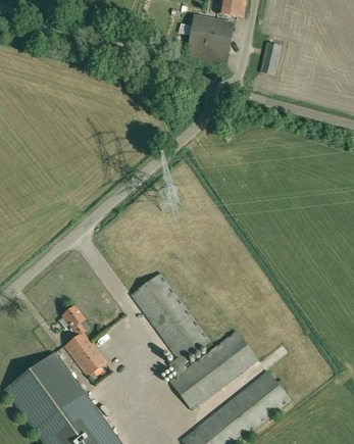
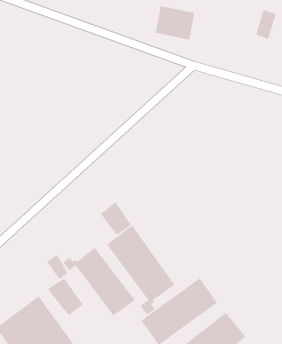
building: [262,40,287,75] -> [255,9,277,40]
building: none -> [100,201,132,236]
building: none -> [63,247,136,317]

